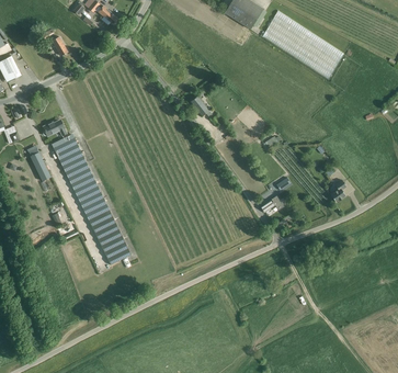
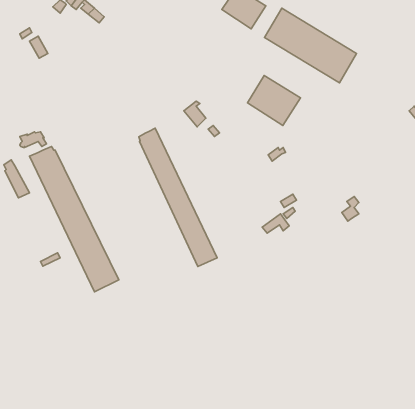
building: none -> [248,76,301,125]
building: none -> [139,128,217,266]

